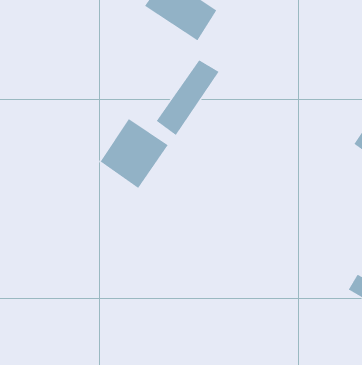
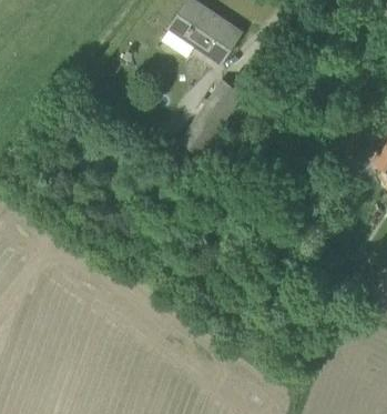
building: [100,118,168,189] -> none

